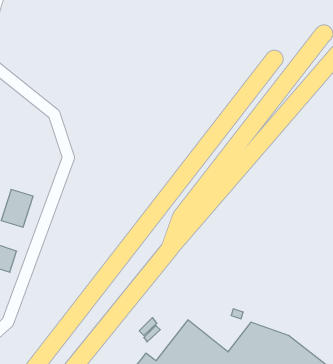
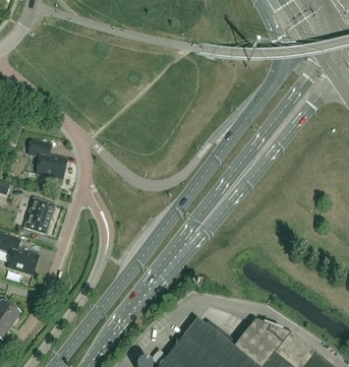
building: none -> [28,139,66,179]

